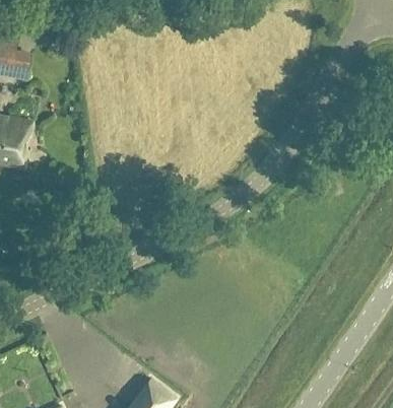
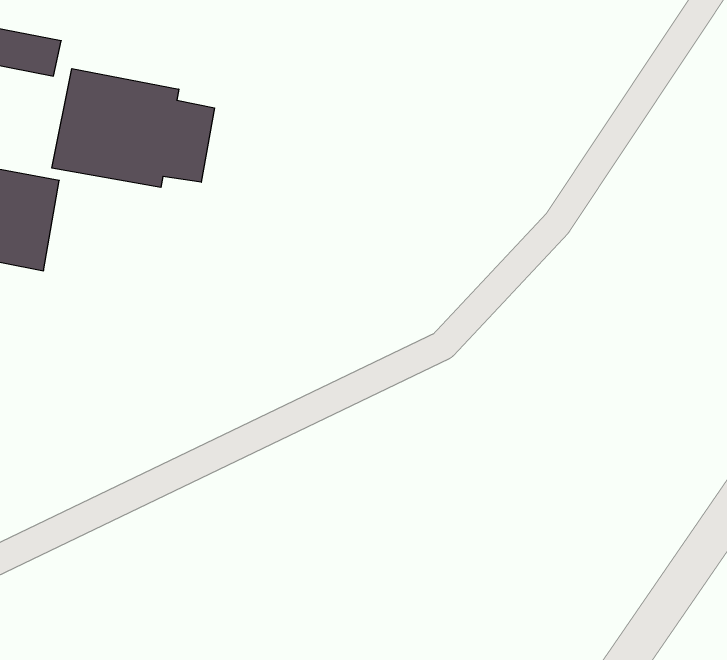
building: none -> [52,69,214,187]

